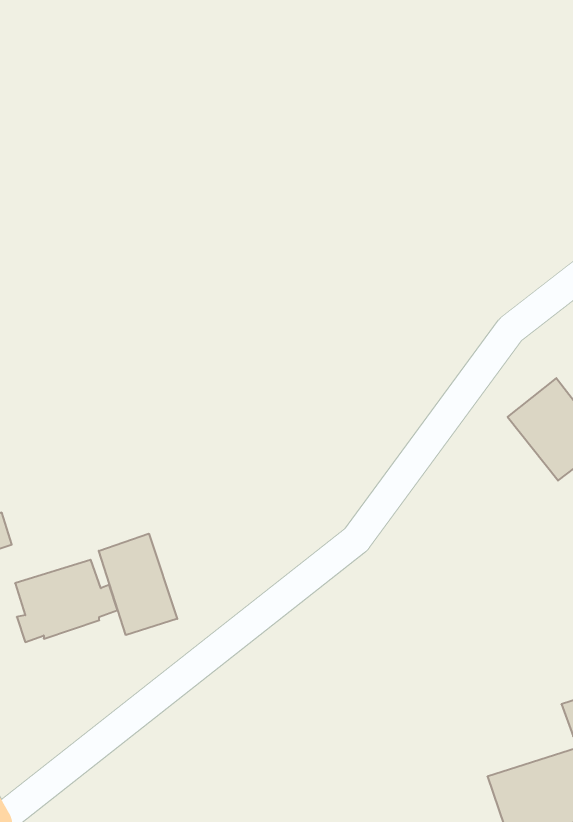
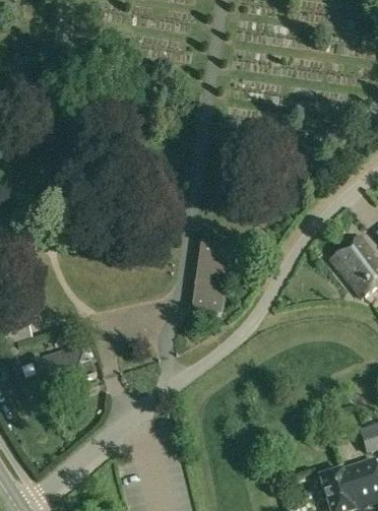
building: none -> [195,241,227,308]
building: [99,534,177,635] -> none

